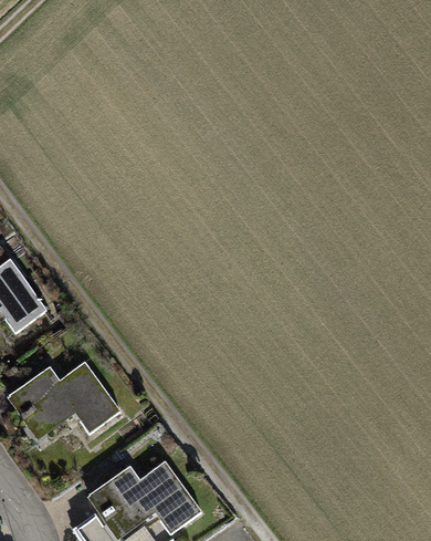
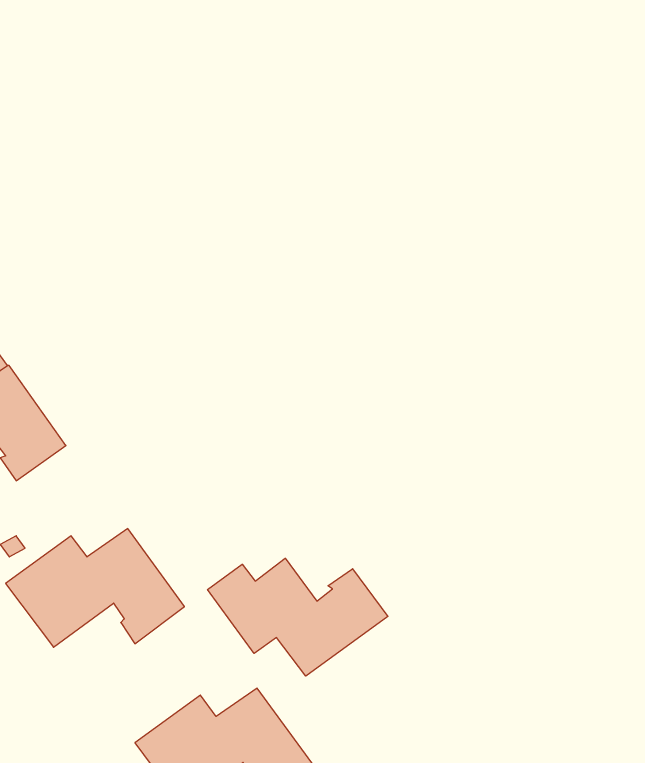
building: none -> [208,558,388,676]

